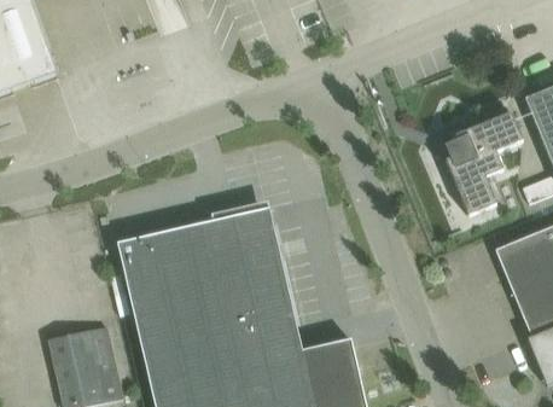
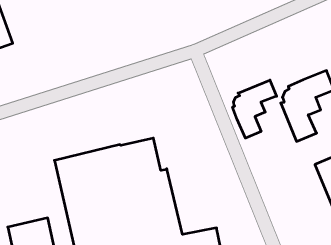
building: none -> [233,80,277,138]

